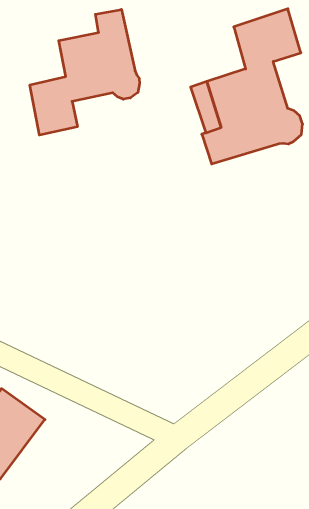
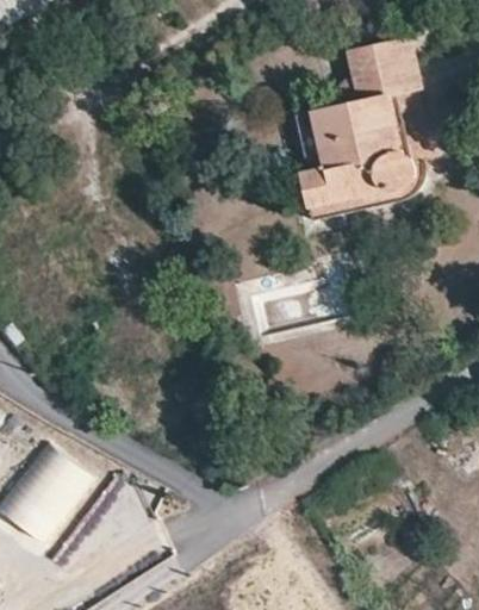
building: [30,9,140,135] -> none

